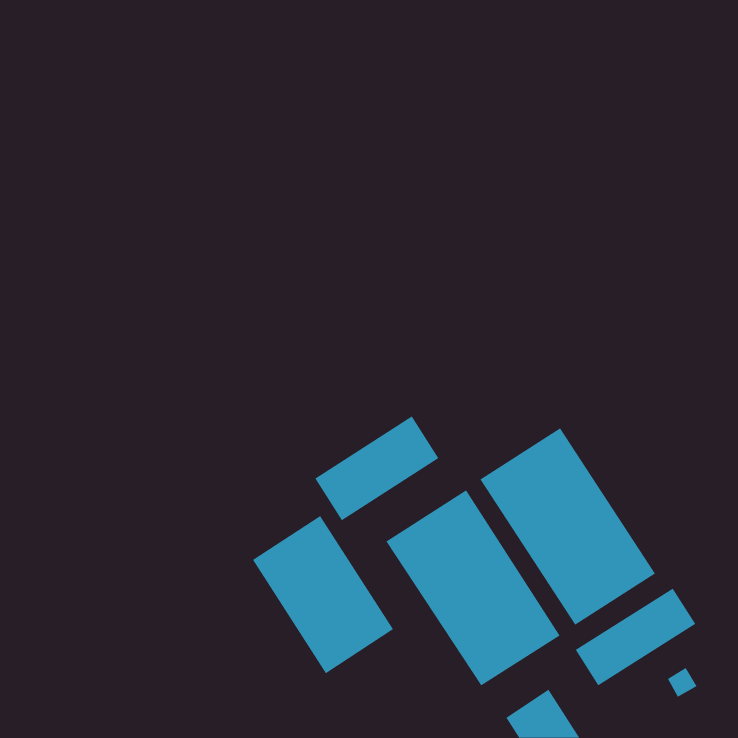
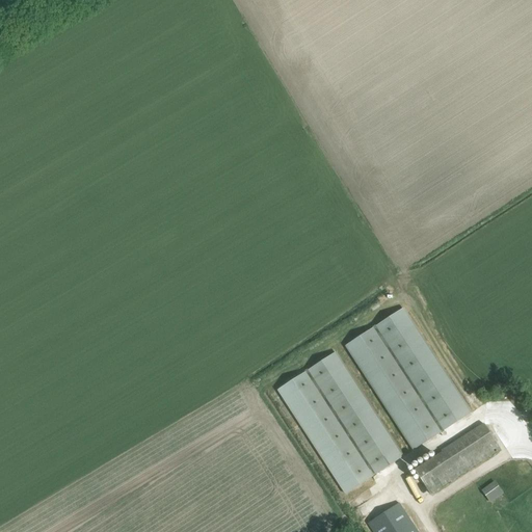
building: [314,416,439,521] -> none
building: [252,515,394,674] -> none

